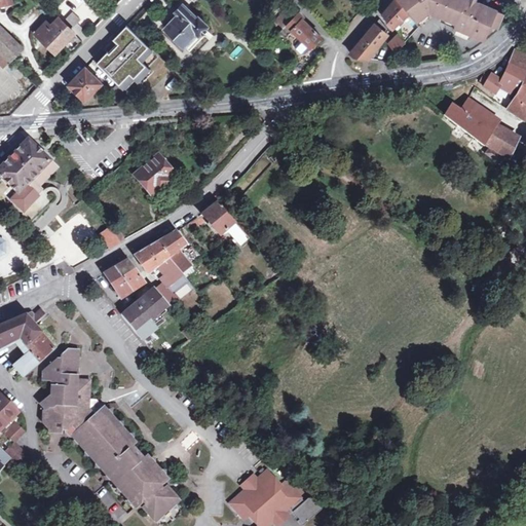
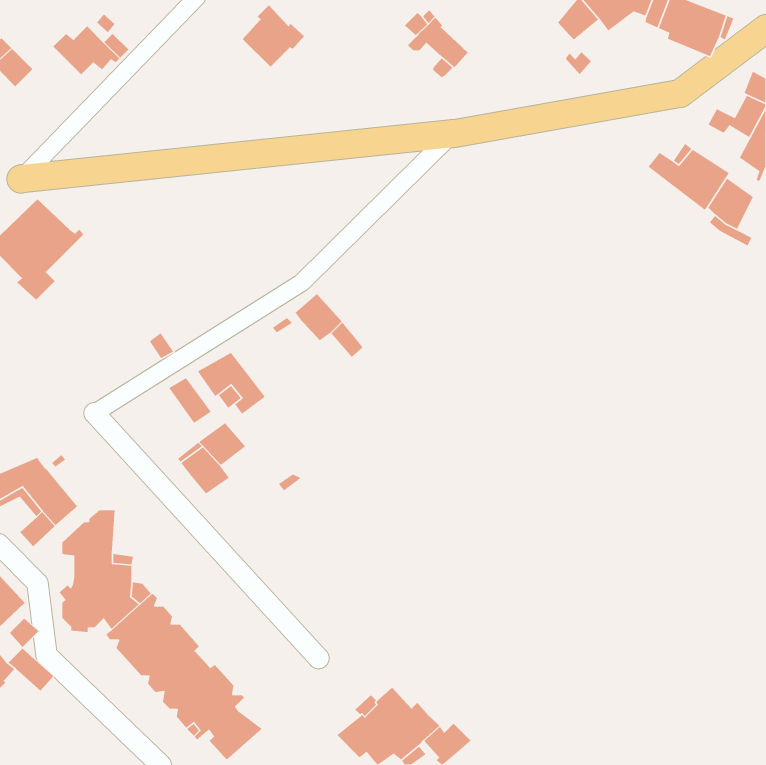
building: [350,20,388,57] -> none
building: [97,24,158,98] -> none
building: [68,67,102,100] -> none
building: [134,154,175,193] -> none
building: [158,230,190,271] -> none
building: [104,265,133,298] -> none

